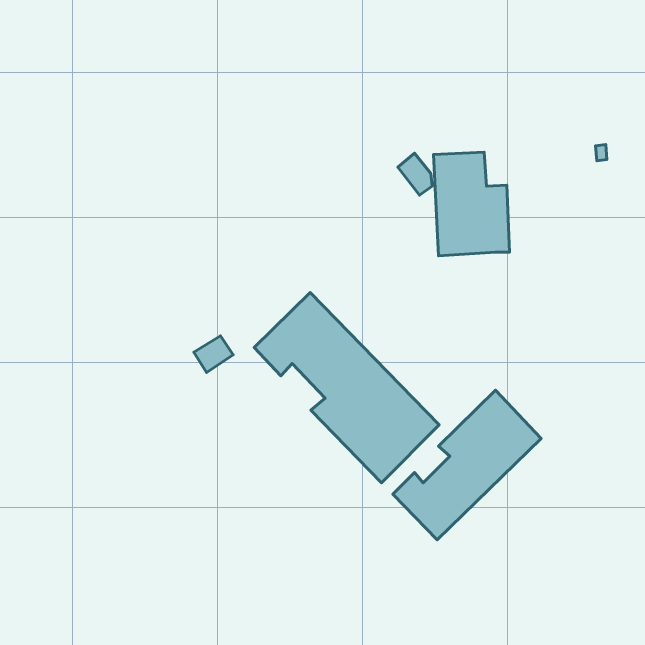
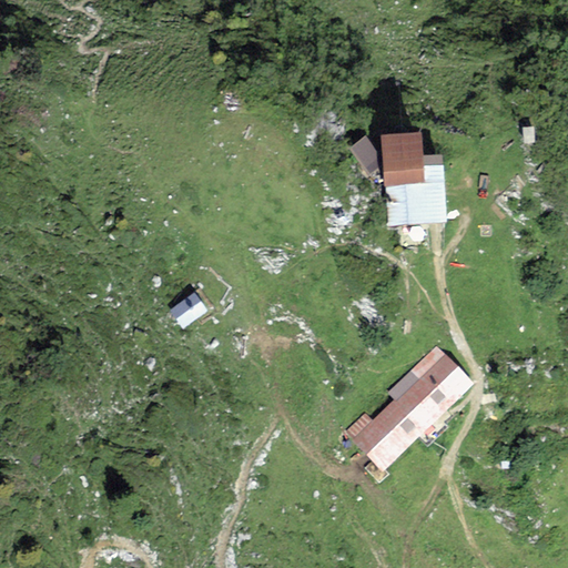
building: [254,293,439,483] -> none

